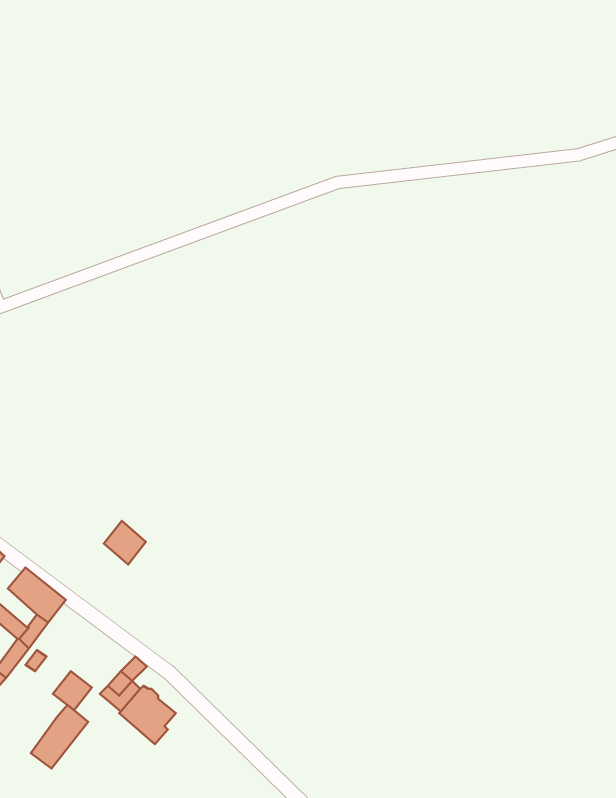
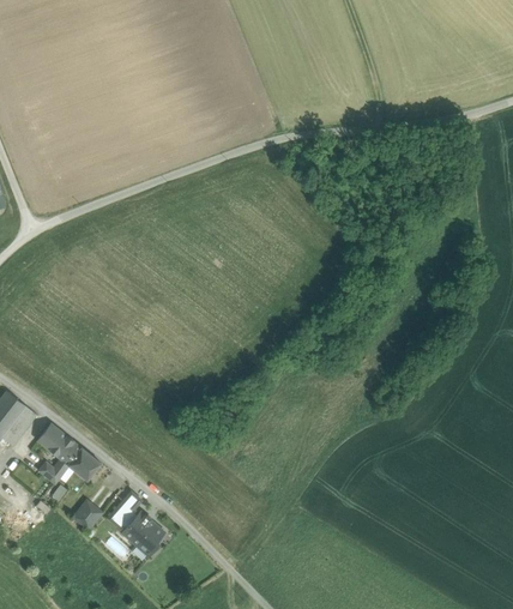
building: [104,521,146,564] -> [68,447,99,480]
building: [31,705,88,768] -> none

